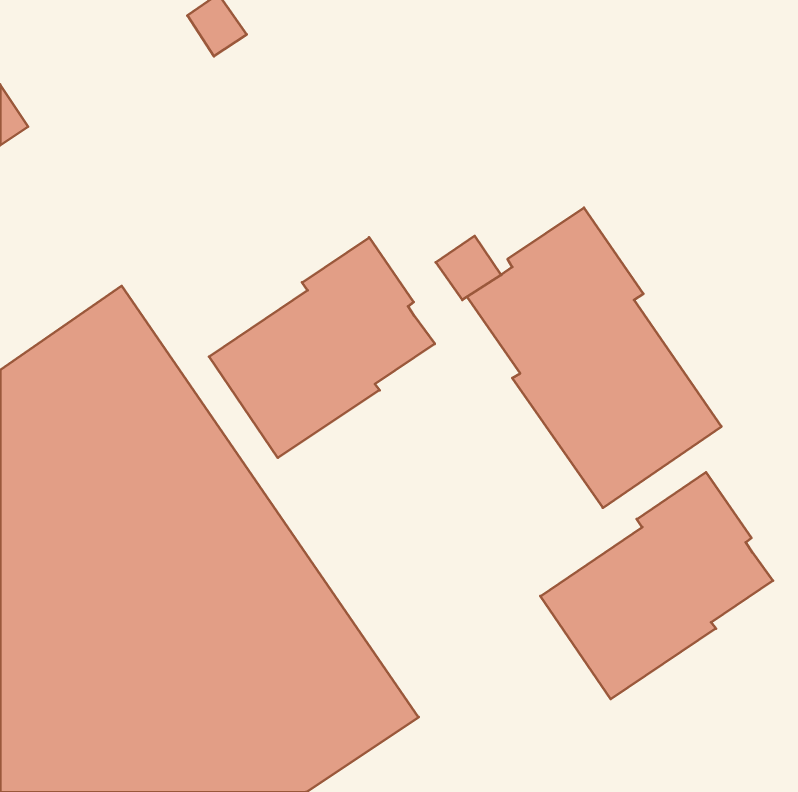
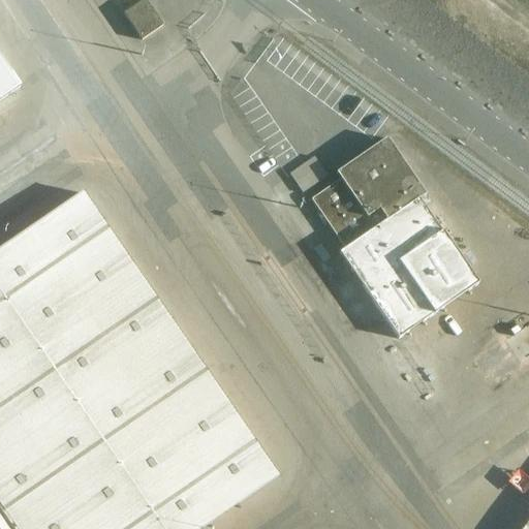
building: [209,237,435,458] -> none
building: [540,472,773,699] -> none

